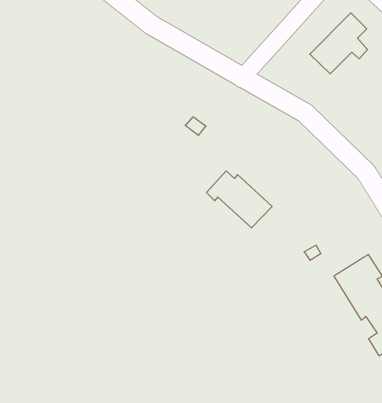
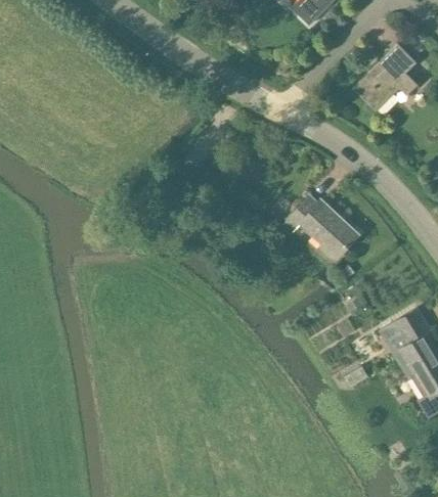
building: [207,171,272,228] -> [288,195,359,258]

